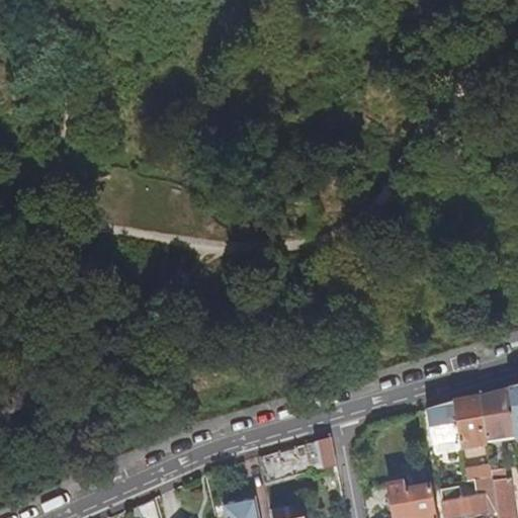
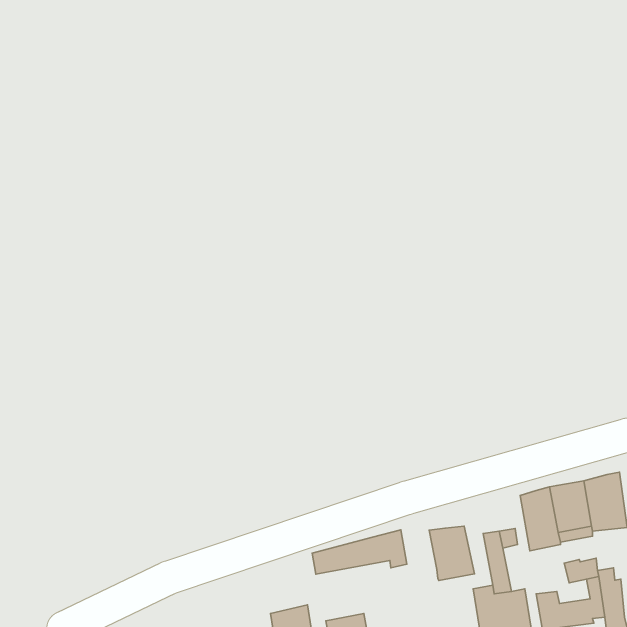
building: none -> [429,526,475,580]

